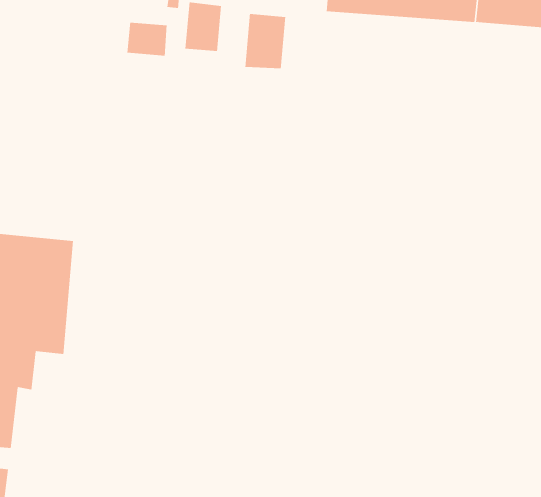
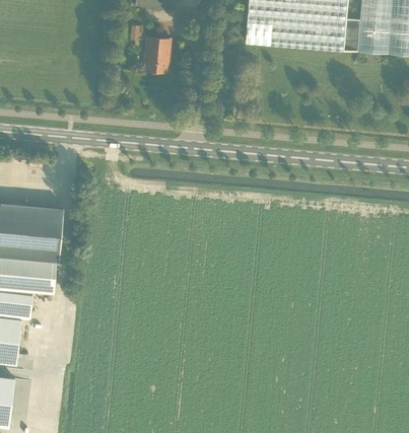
building: [245,13,286,69] -> none
building: [127,22,167,56] -> none

